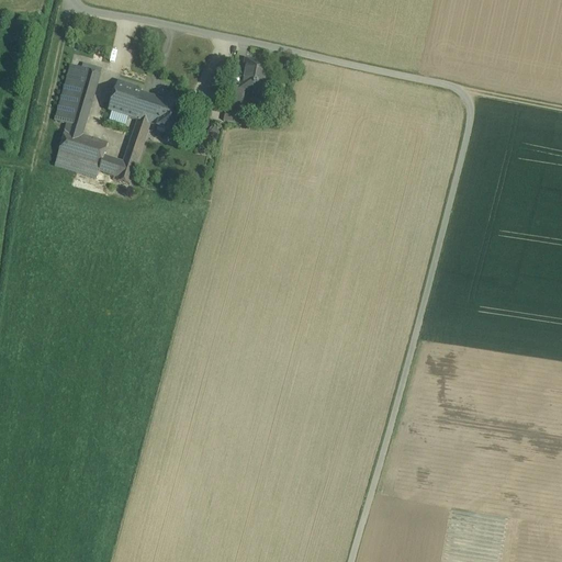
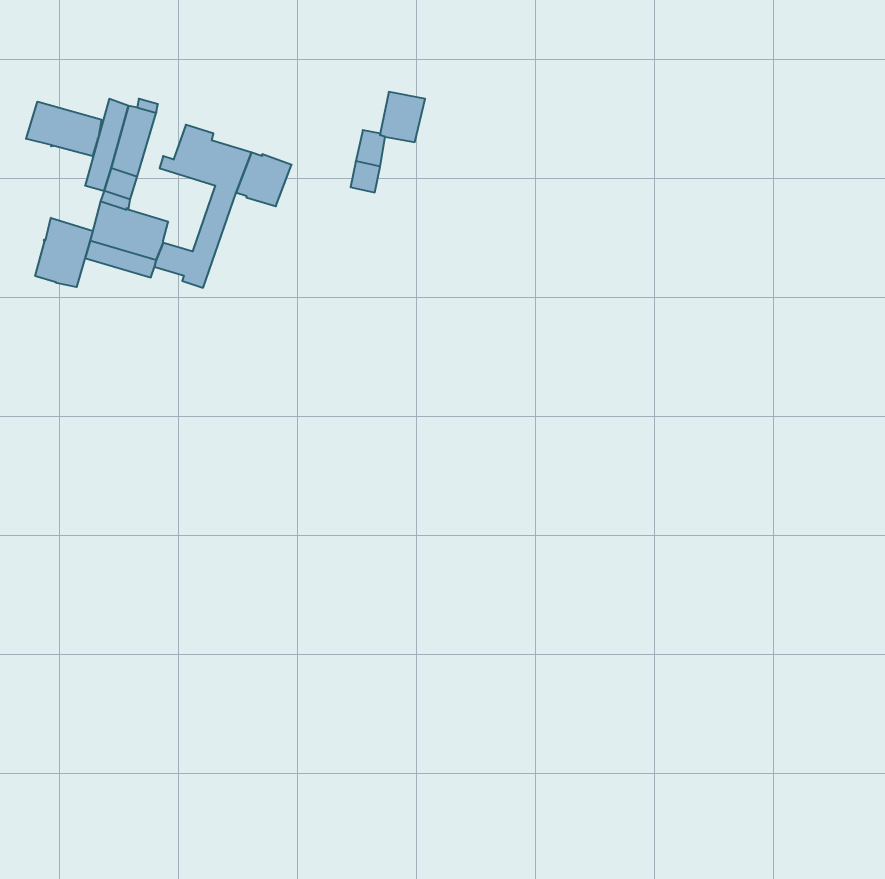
building: none -> [26,102,102,156]
building: none -> [35,218,93,287]

